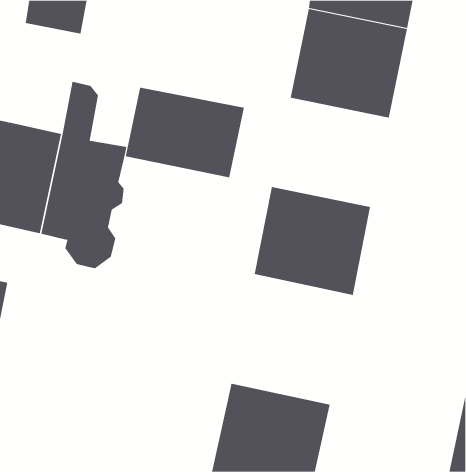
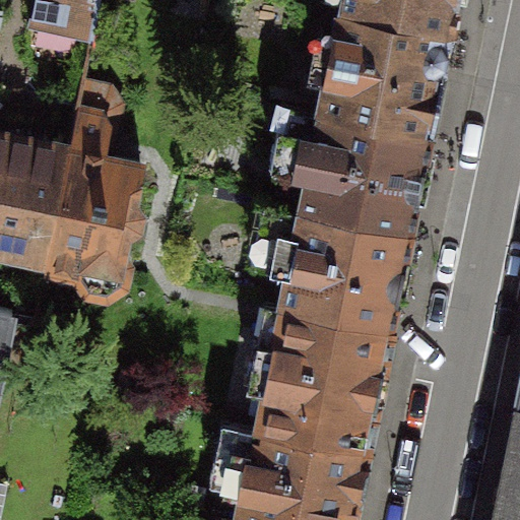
building: [125,87,244,178] -> none
building: none -> [299,108,429,228]
building: none -> [254,302,389,445]

